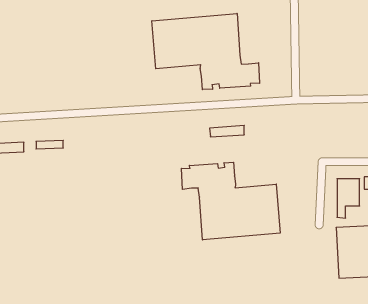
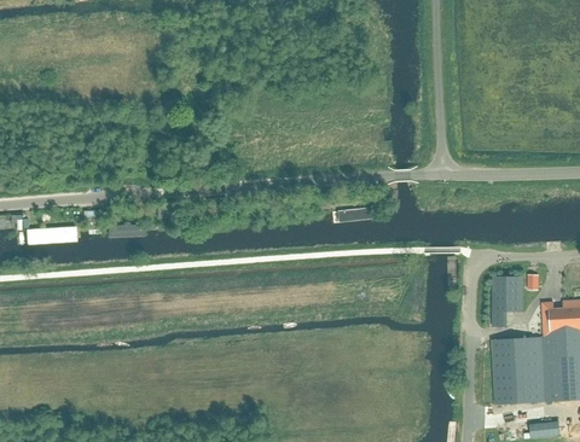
building: [152,13,260,90] -> none
building: [181,162,280,240] -> none

